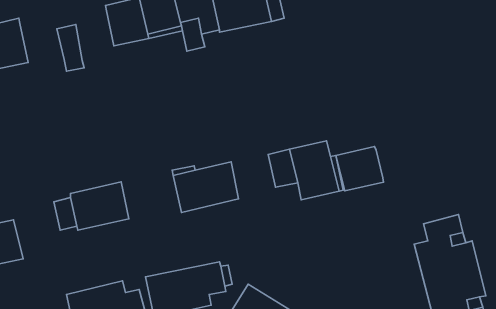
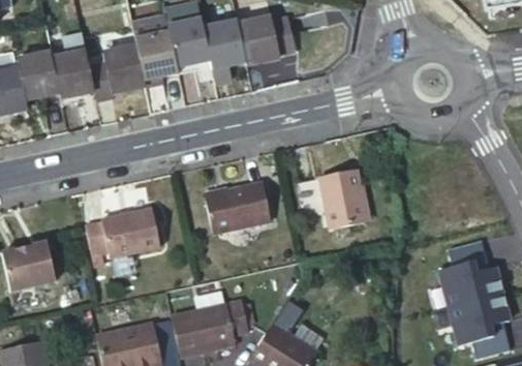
building: none -> [105,42,147,91]
building: none -> [53,48,96,97]
building: [336,147,384,191] -> none

